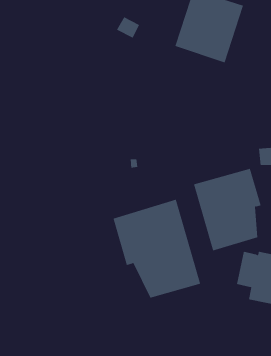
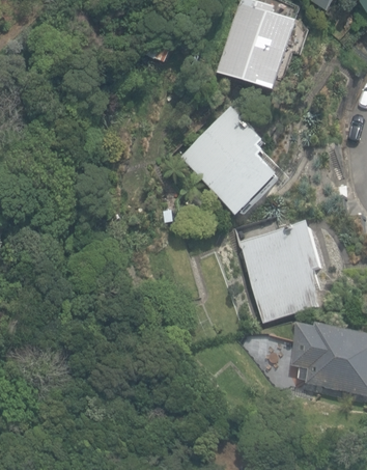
building: none -> [178,106,280,217]
building: [113,199,201,298] -> none

